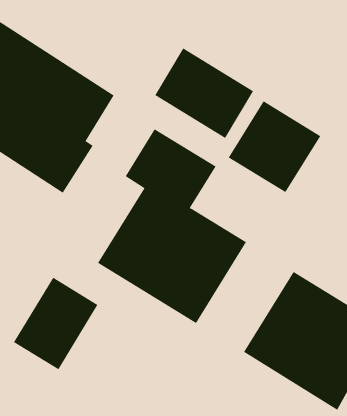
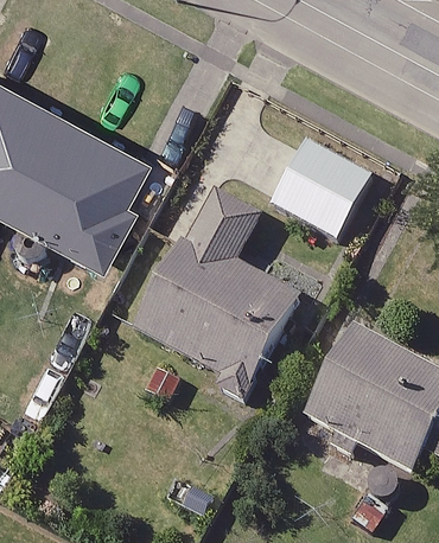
building: [155,48,254,139] -> none
building: [13,277,98,370] -> none

